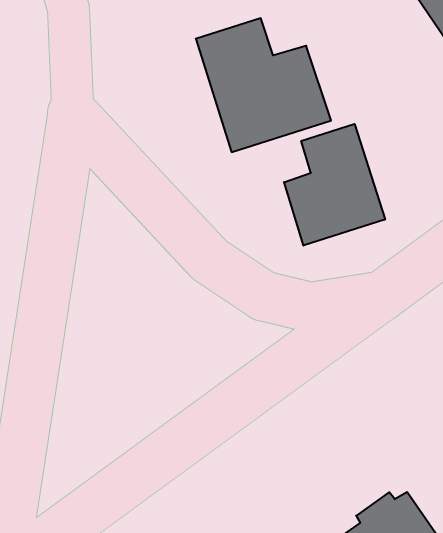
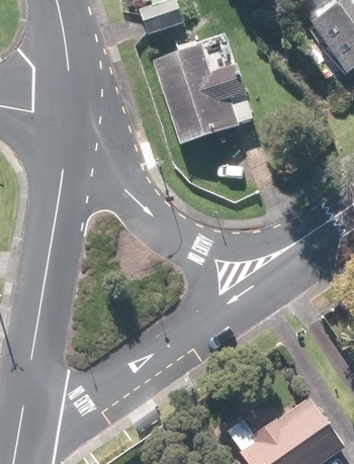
building: [284,124,385,246] -> none

